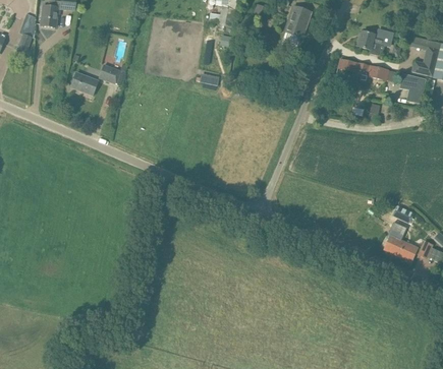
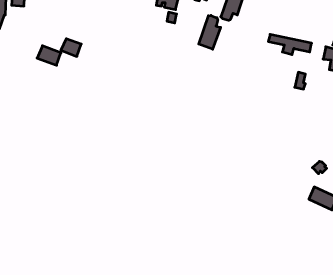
building: [357,29,392,53] -> none
building: none -> [199,15,221,49]

